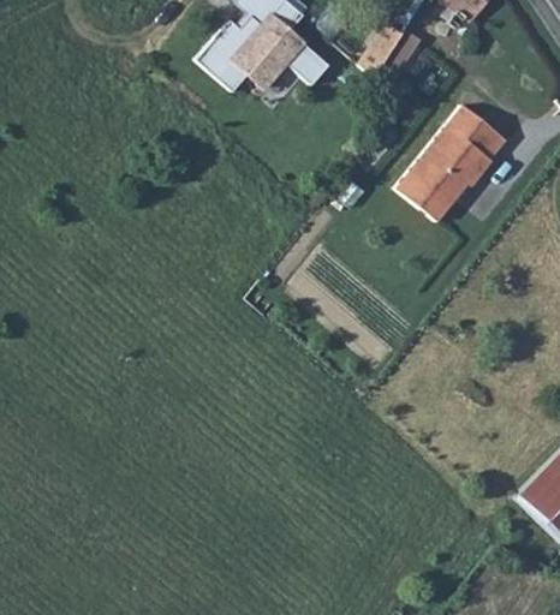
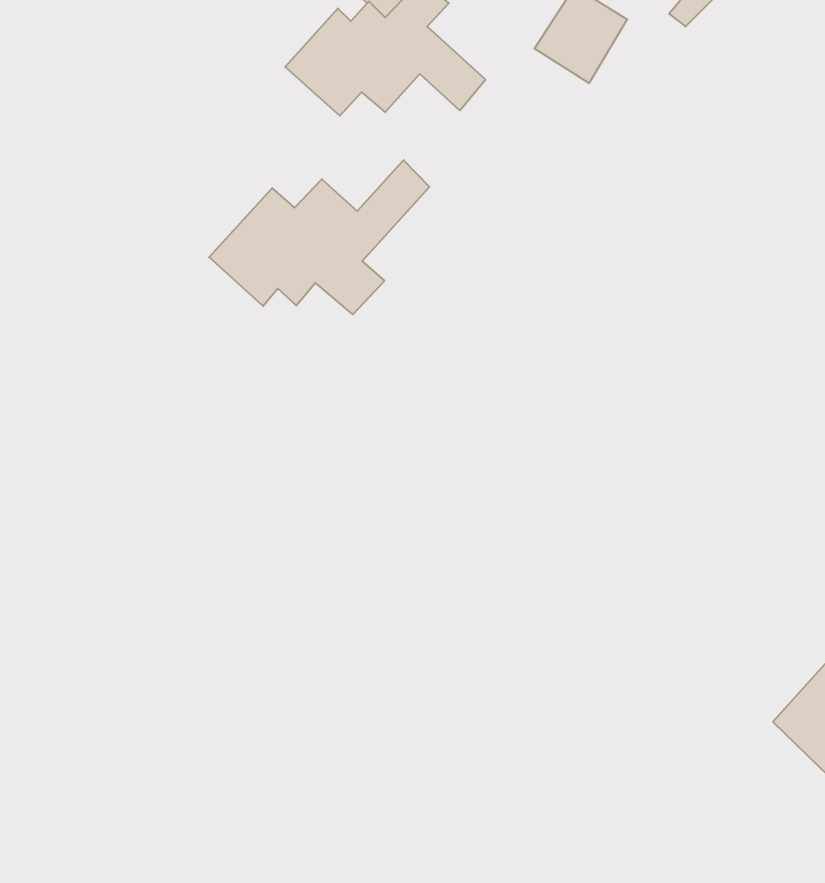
building: [400,102,499,219] -> none
building: none -> [209,160,429,314]

